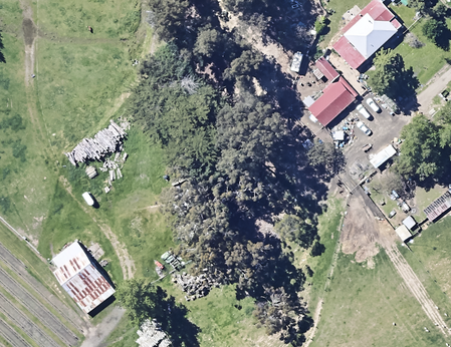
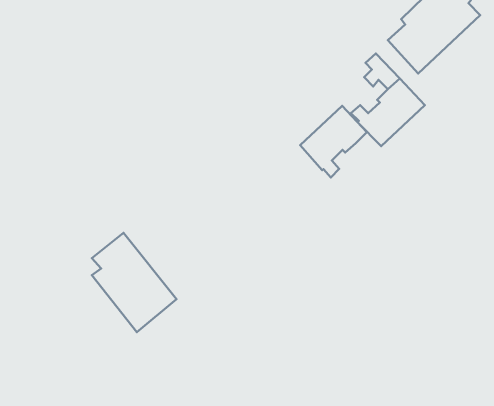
building: none -> [300,106,367,177]
building: [52,240,117,315] -> [92,233,176,332]

